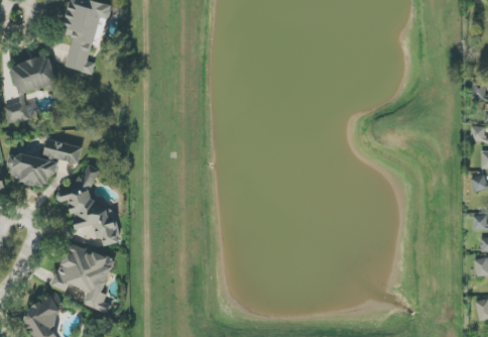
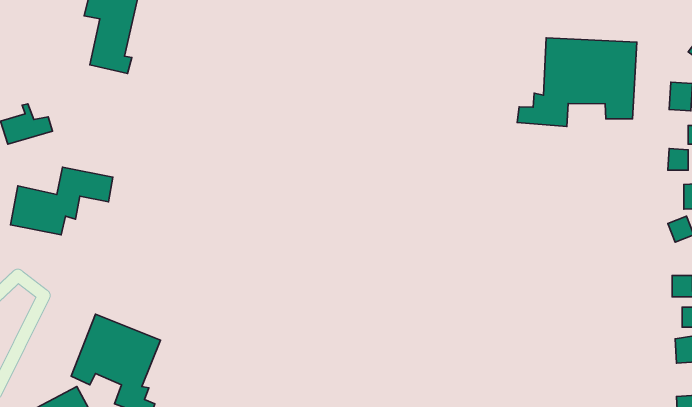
building: none -> [517,38,637,126]
building: [10,54,57,95] -> none
building: [57,163,121,246] -> none

